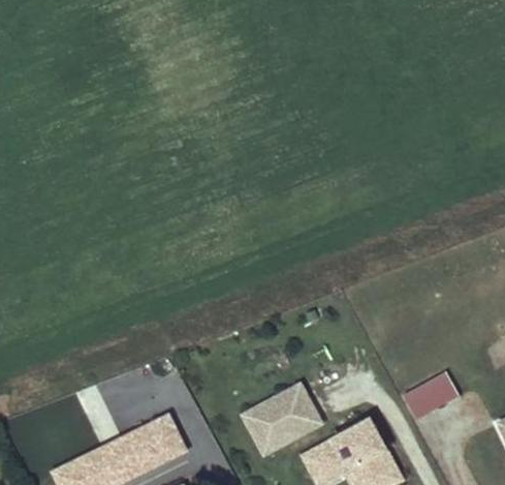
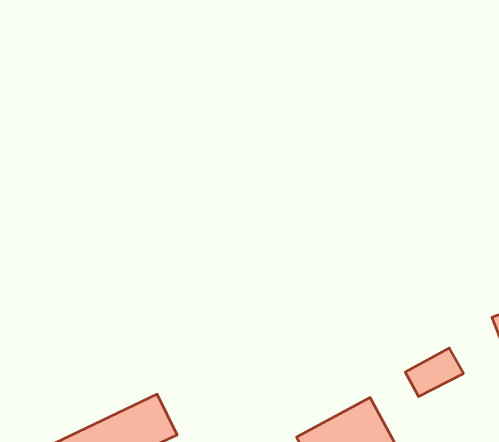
building: [241,384,321,455] -> none

